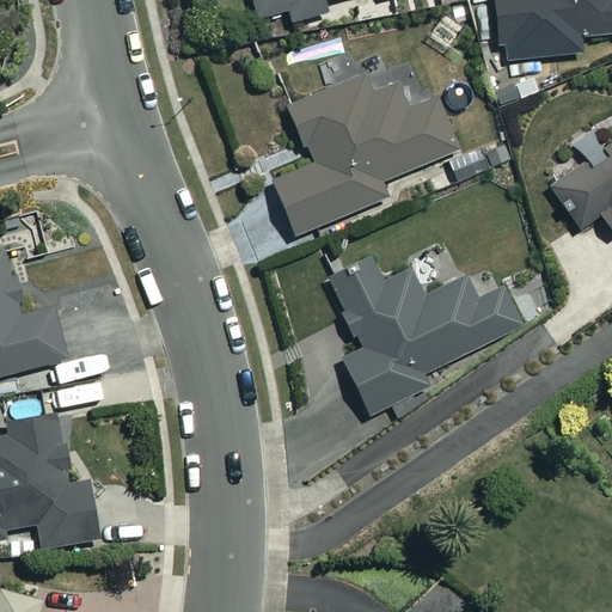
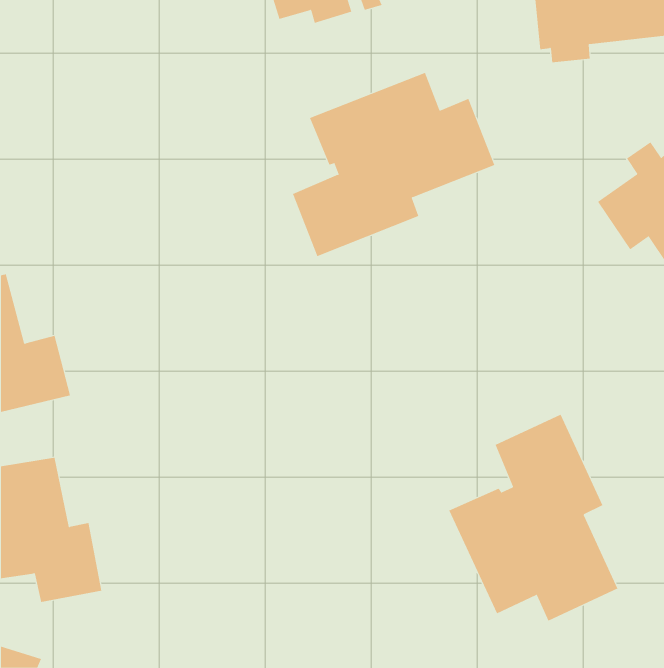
building: [329,258,528,415] -> none
building: none -> [448,414,618,622]

